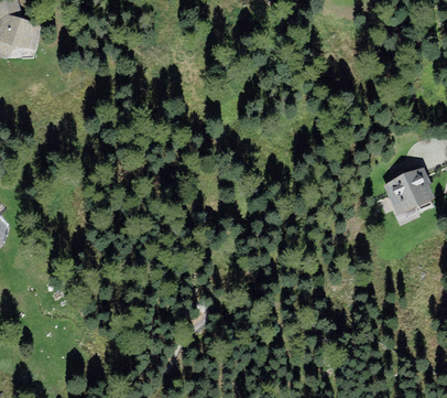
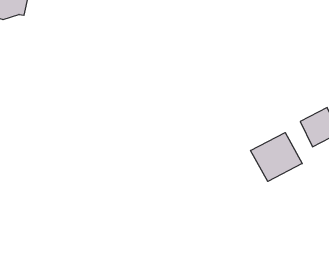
building: none -> [251,133,302,181]

